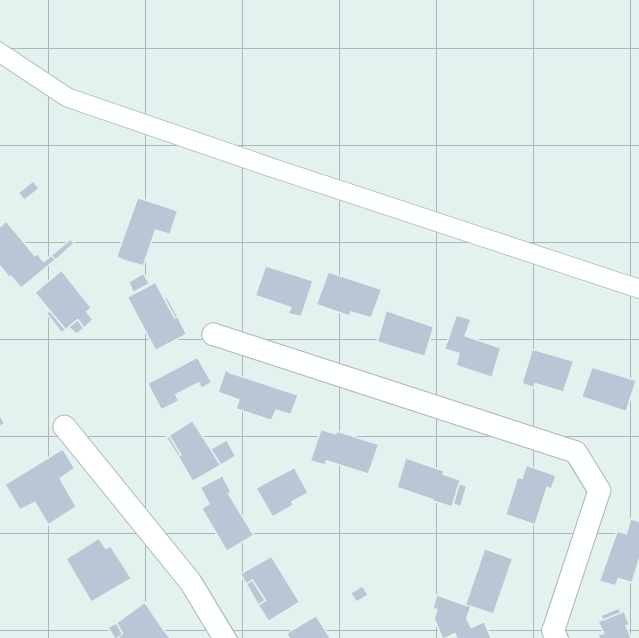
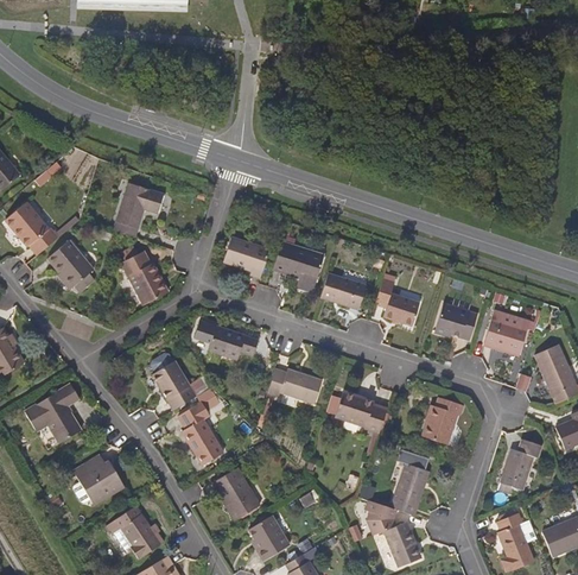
building: [148,357,212,410] -> none
building: [256,467,308,517] -> none

